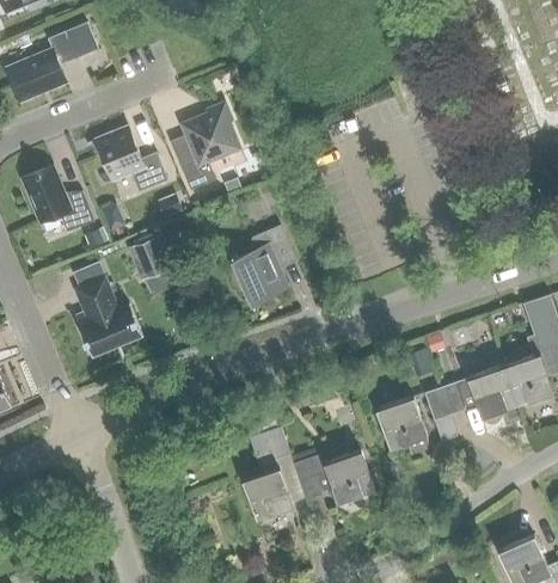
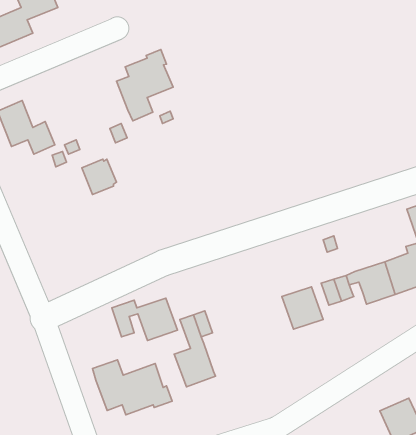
building: [94,127,167,191] -> none
building: [231,225,298,306] -> none
building: [74,276,142,357] -> none
building: [293,450,374,503] -> [112,298,177,341]
building: none -> [92,360,172,415]

